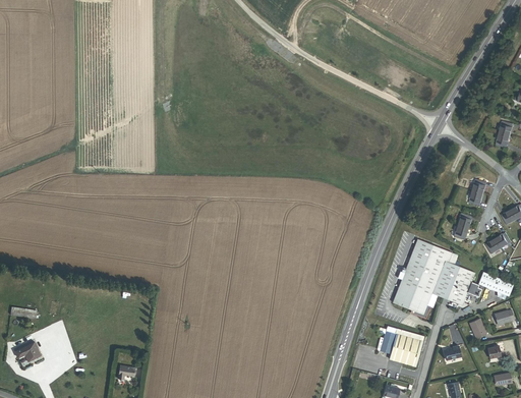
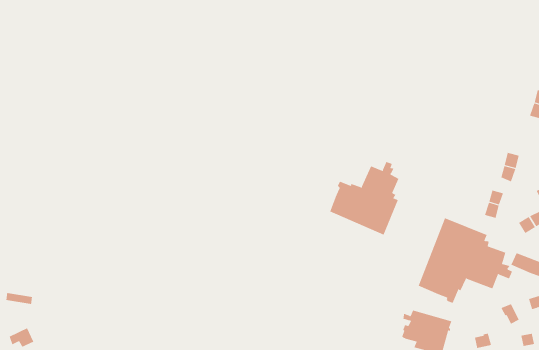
building: none -> [330,161,399,236]

